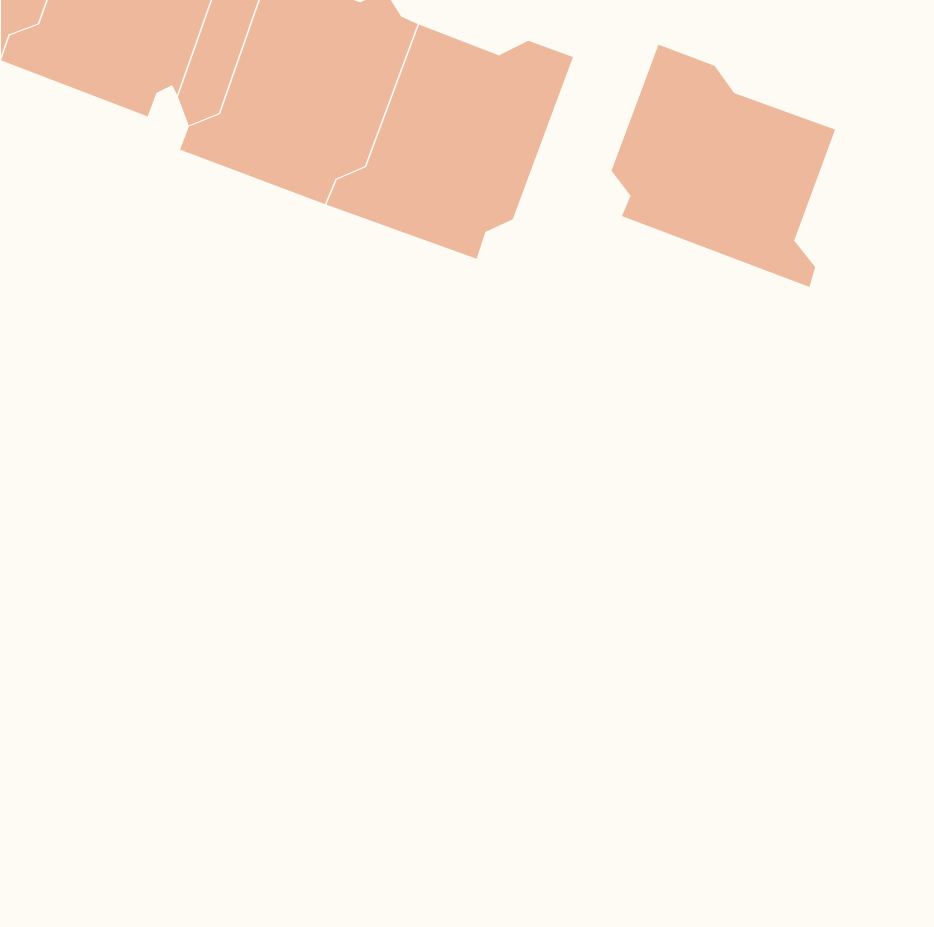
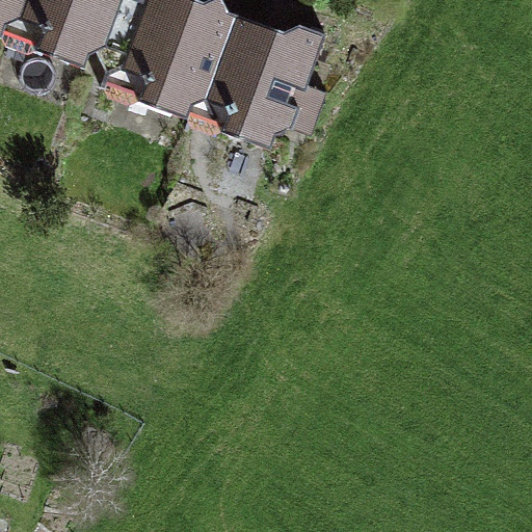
building: [611,44,836,288] -> none

